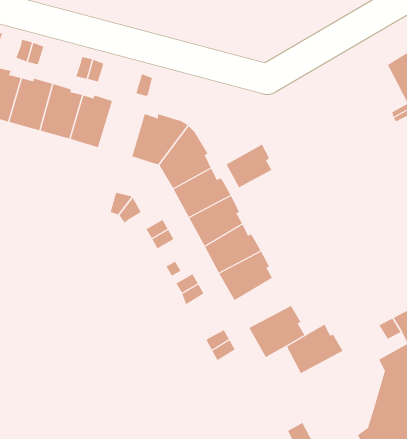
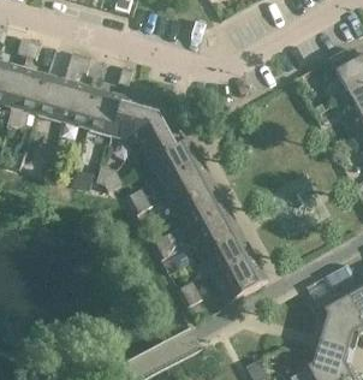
building: none -> [85,89,124,136]
building: [226,144,272,188] -> none
building: [286,324,343,374] -> [200,238,248,280]

